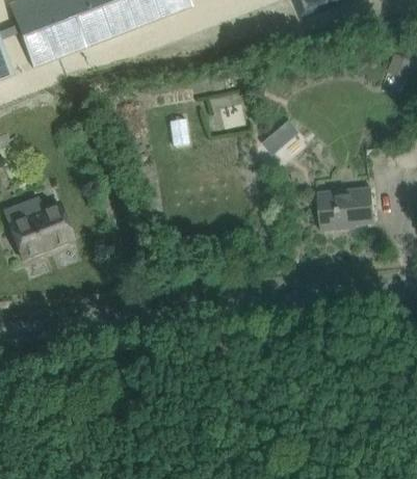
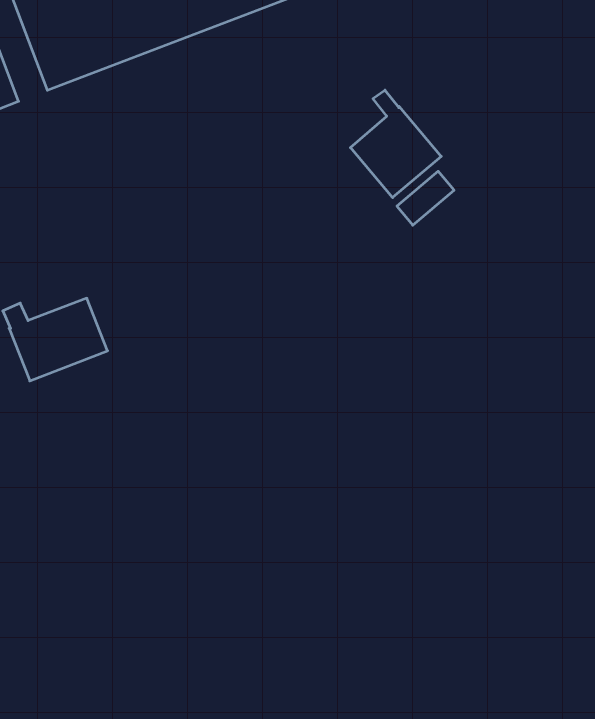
building: none -> [350,90,441,198]
building: [318,188,373,229] -> none

